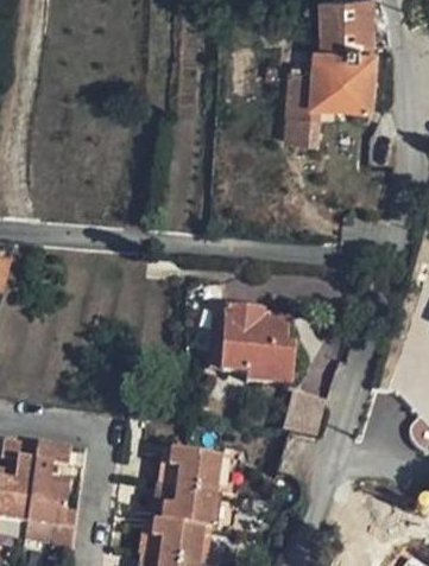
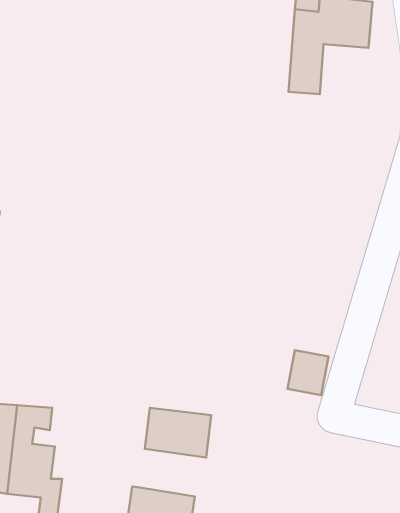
building: [212,316,290,394] -> none
building: [151,483,214,528] -> none

